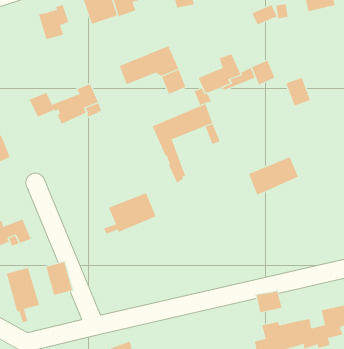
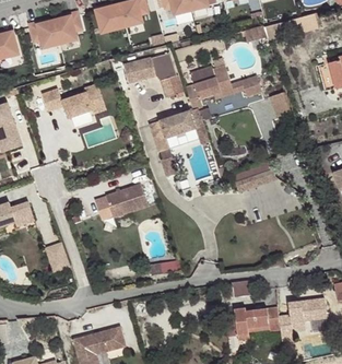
building: none -> [30,20,59,47]
building: [6,267,40,323] -> none

